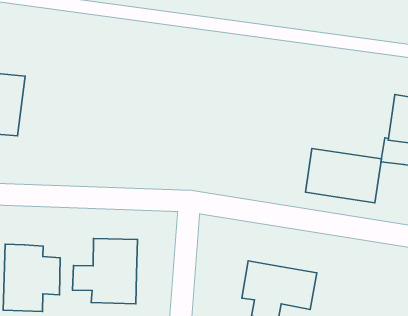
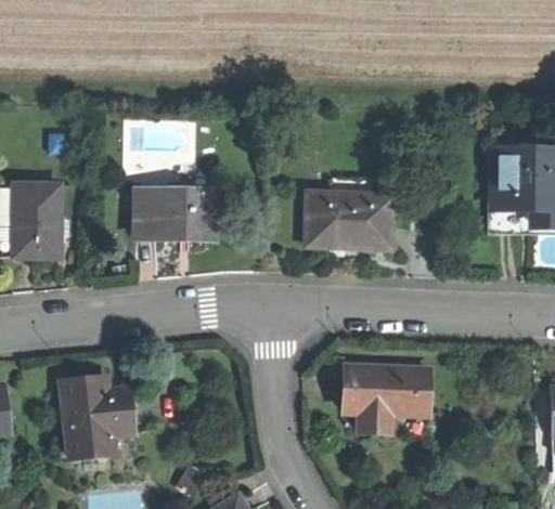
building: none -> [139,187,217,236]
building: [305,148,381,203] -> [309,191,392,245]
building: [72,238,137,304] -> none

